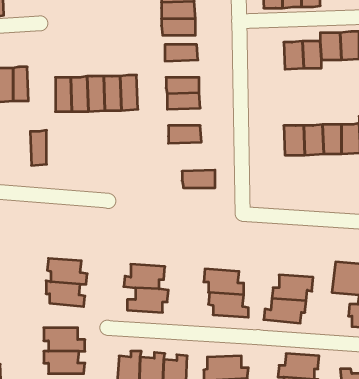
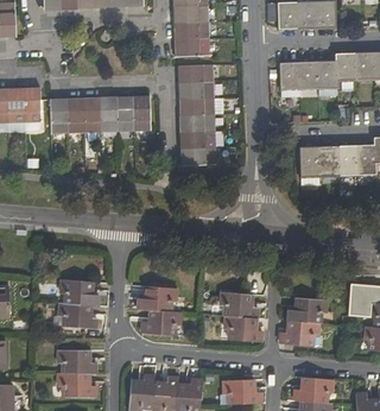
building: none -> [279,62,299,89]
building: none -> [178,80,213,97]
building: [30,130,47,165] -> [51,97,68,133]
building: [182,170,215,188] -> [180,128,214,146]

